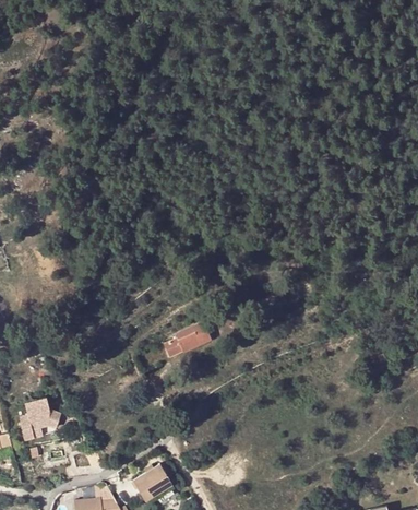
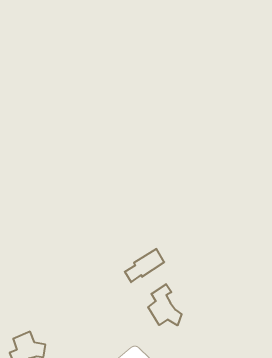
building: none -> [148,284,182,325]

